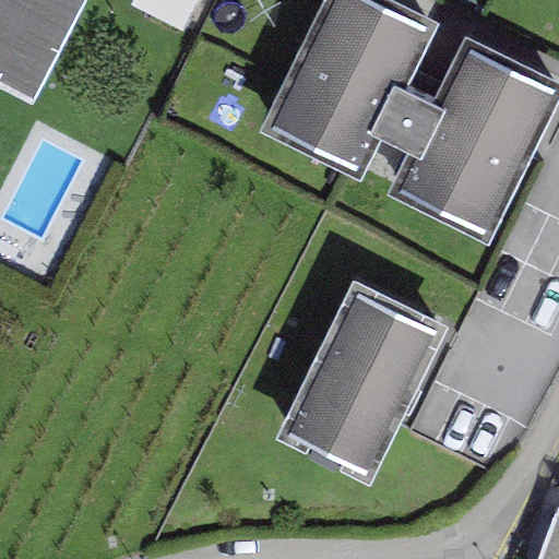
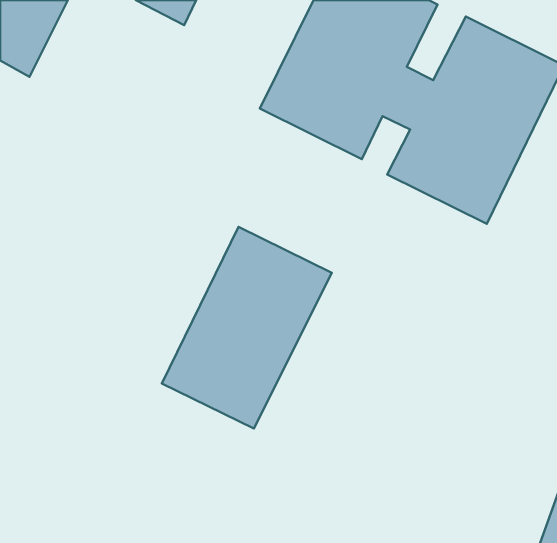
building: [278,278,448,479] -> [162,227,332,429]

